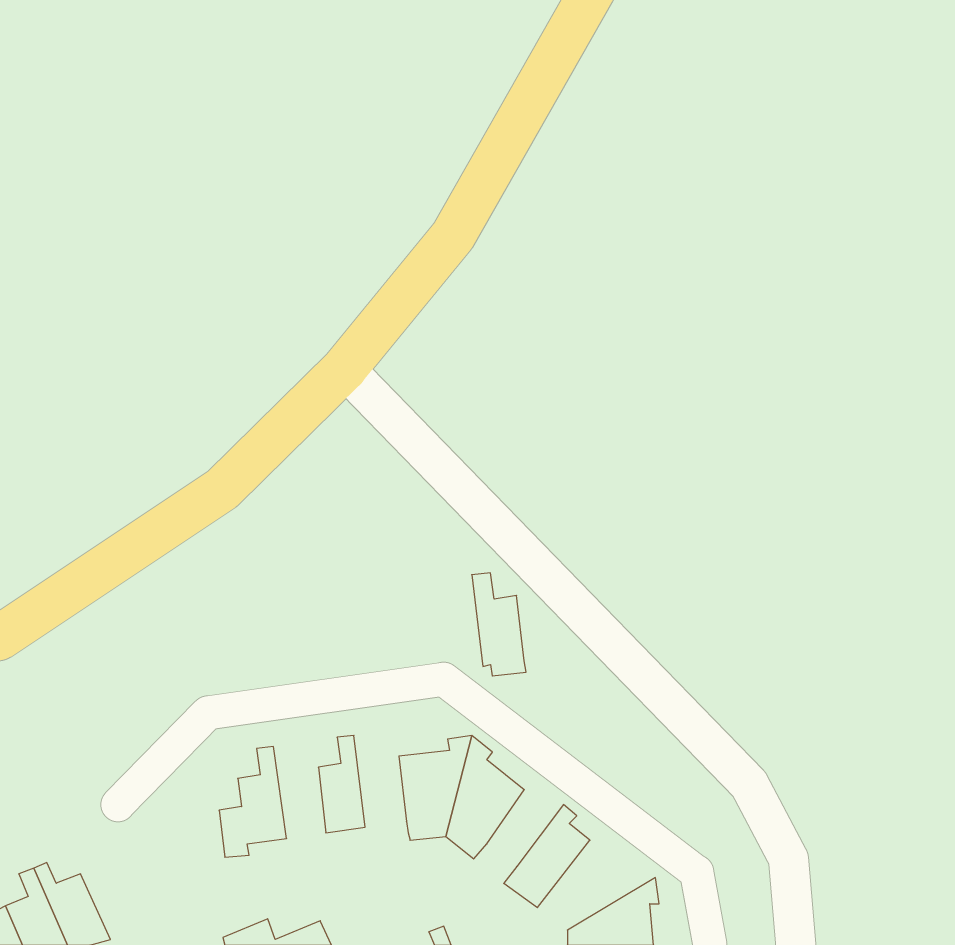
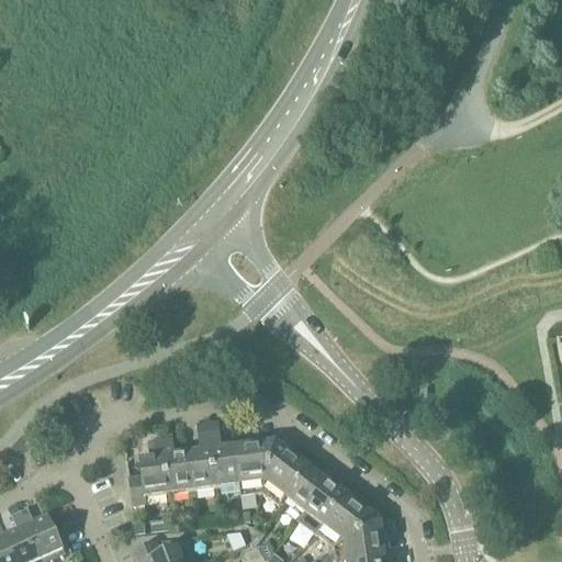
building: [472,573,526,676] -> [207,430,239,491]
building: none -> [160,436,191,492]
building: none -> [285,463,330,508]
building: none -> [315,493,384,546]

